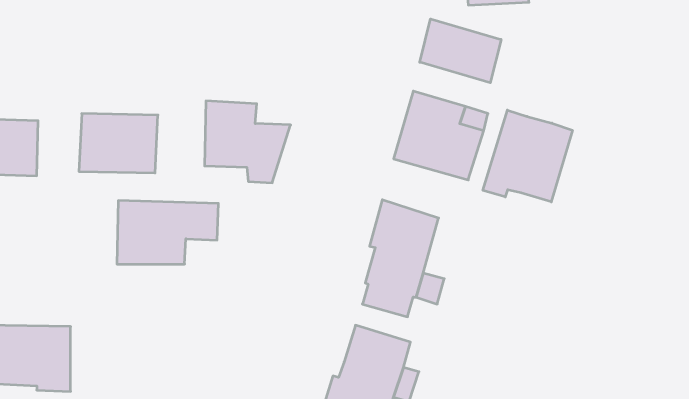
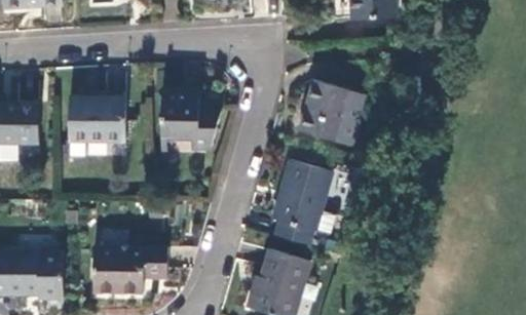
building: [420,19,501,83] -> none
building: [483,110,572,202] -> none
building: [117,201,218,264] -> [92,246,166,292]

